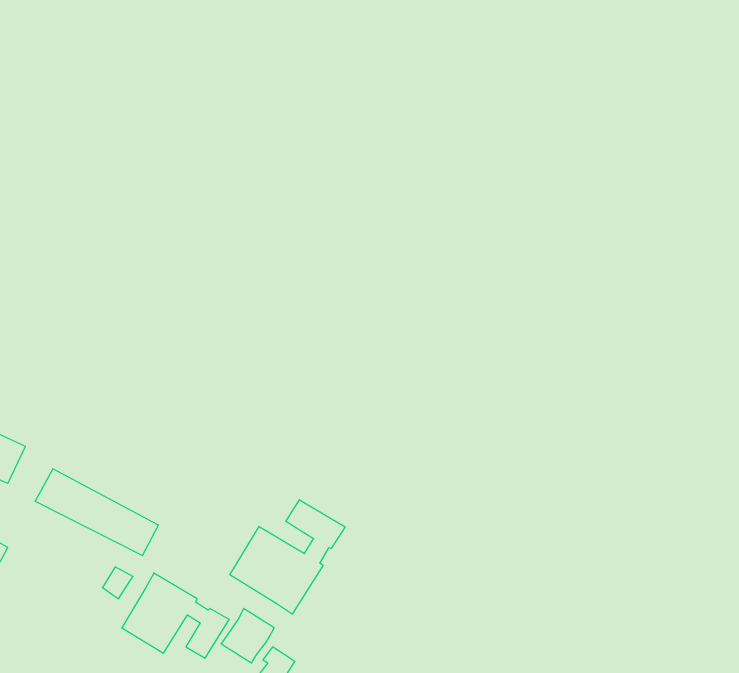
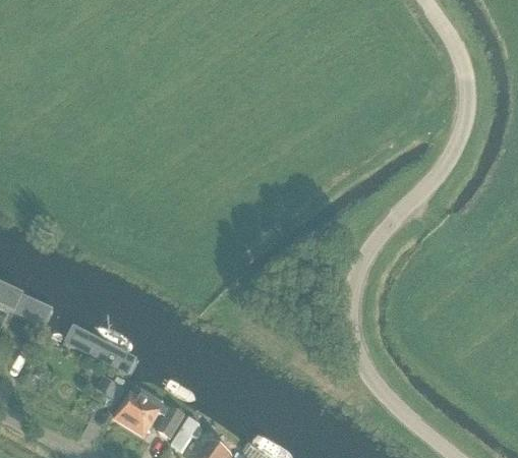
building: [230,500,345,614] -> none

